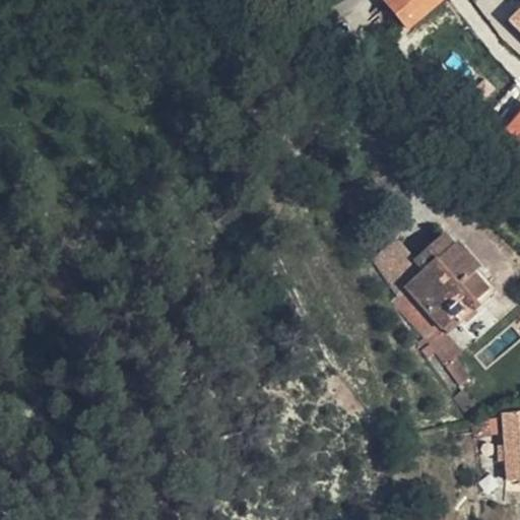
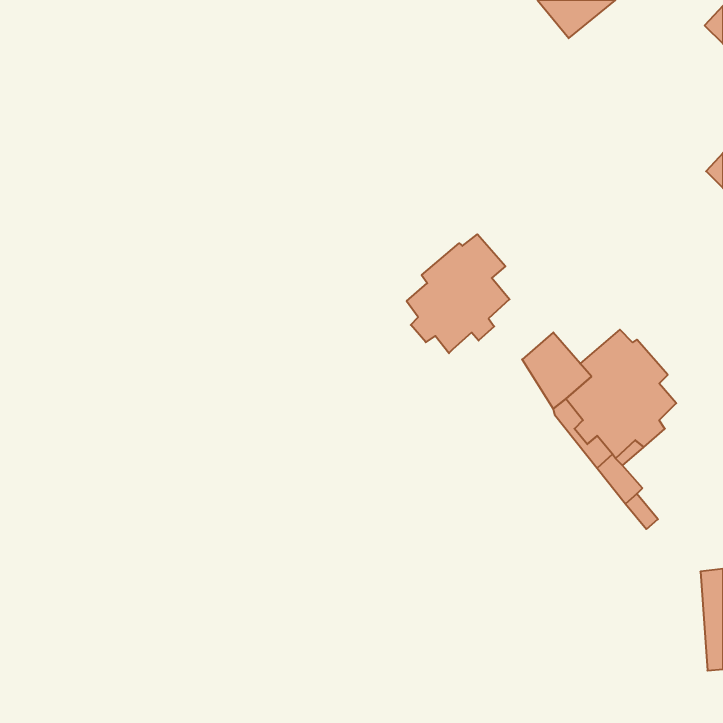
building: none -> [407,234,510,353]

